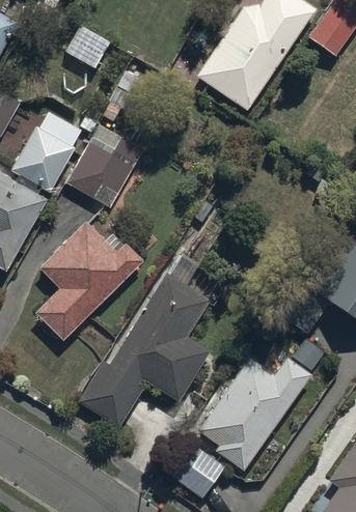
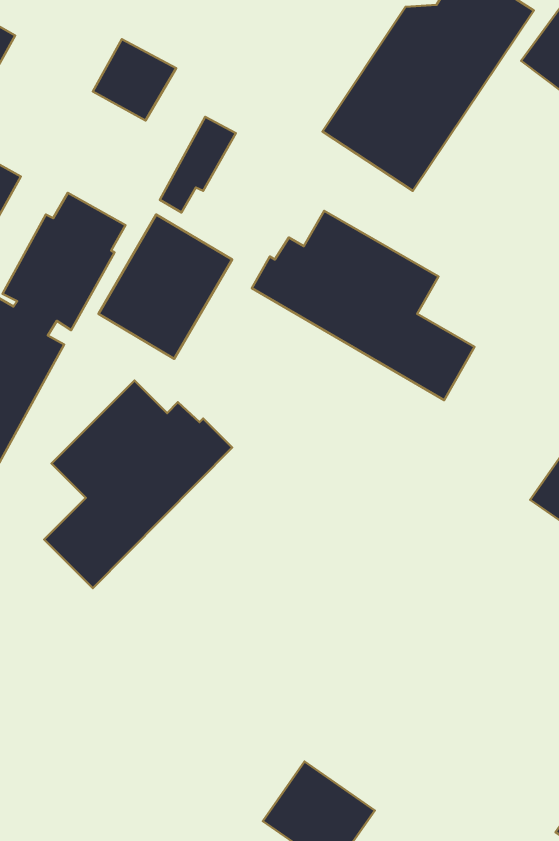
building: none -> [252,211,474,400]
building: [78,272,211,428] -> none
building: [197,357,312,470] -> none

